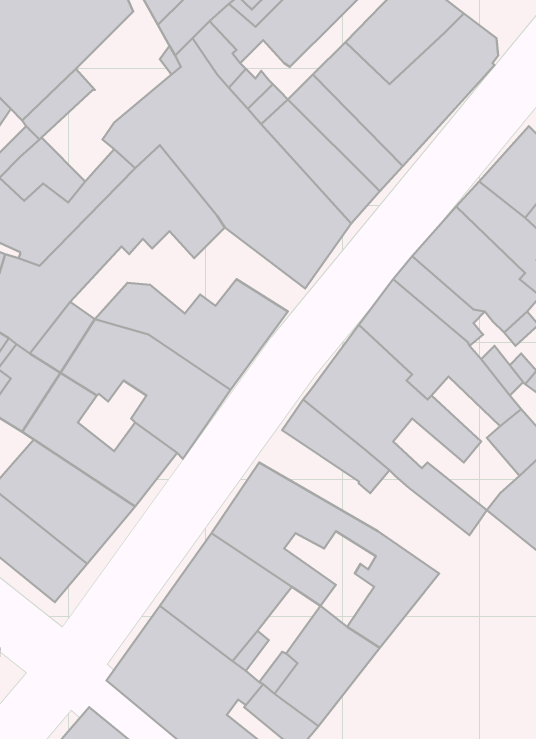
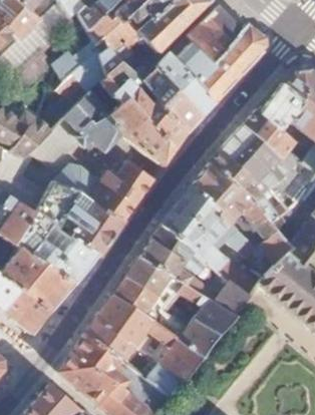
building: none -> [140,242,251,317]
building: none -> [153,296,201,345]

